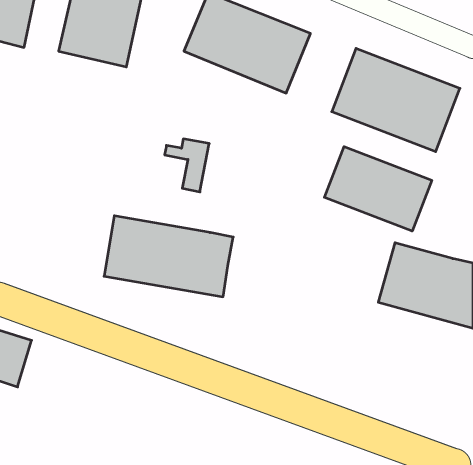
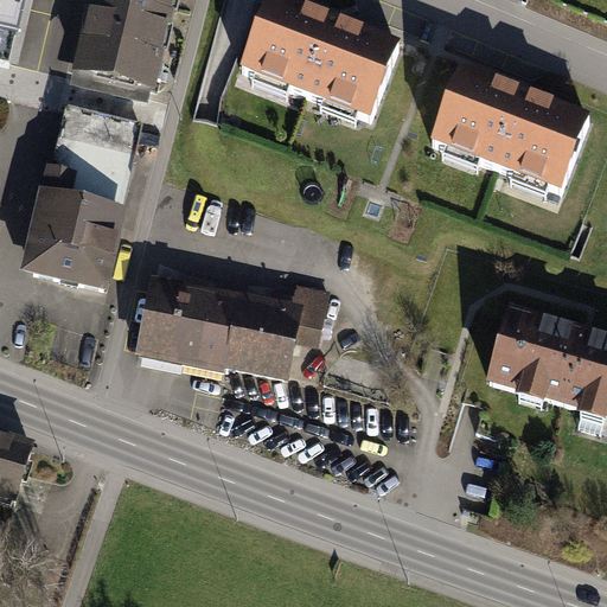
building: none -> [24,95,148,288]
building: [165,139,209,192] -> [268,276,325,344]
building: [324,147,432,231] -> none

